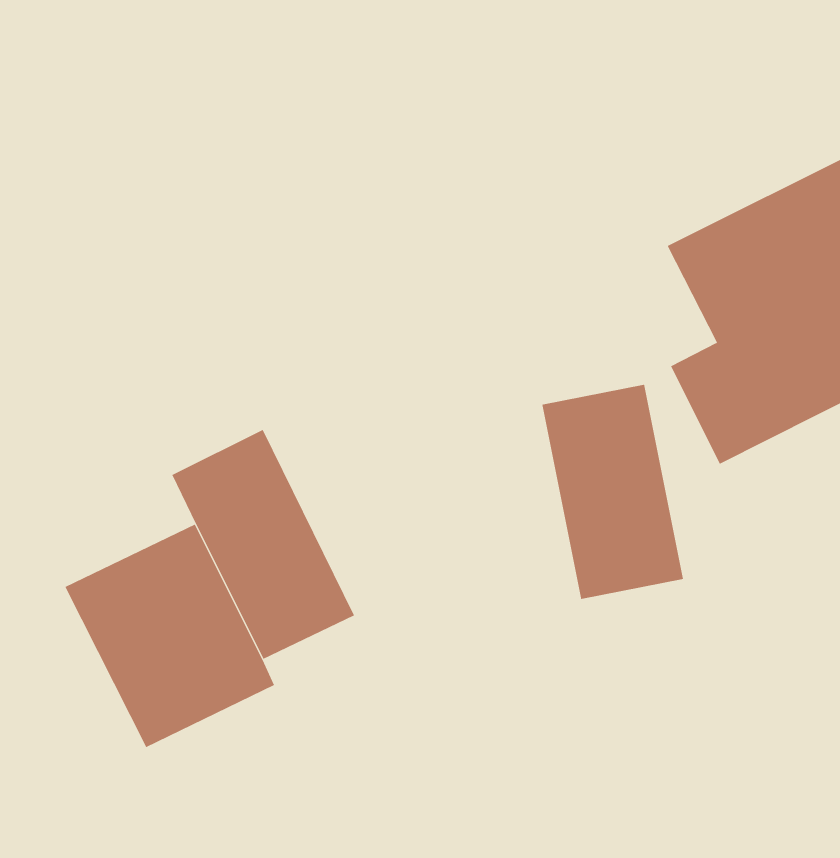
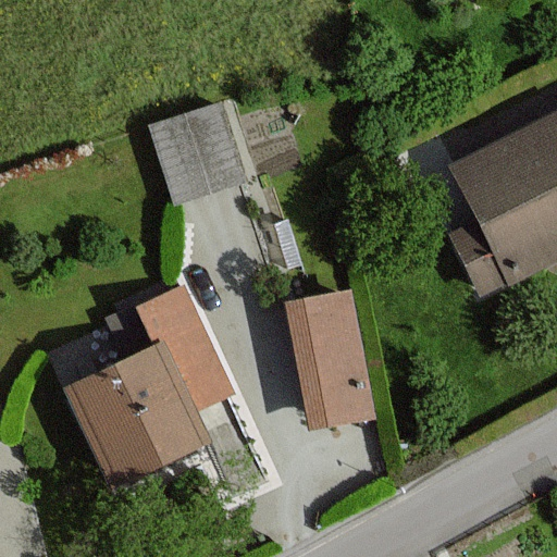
building: none -> [149,100,252,207]
building: [541,384,684,599] -> [280,290,371,429]

